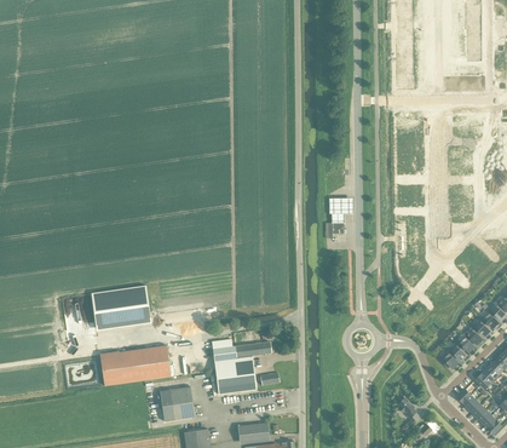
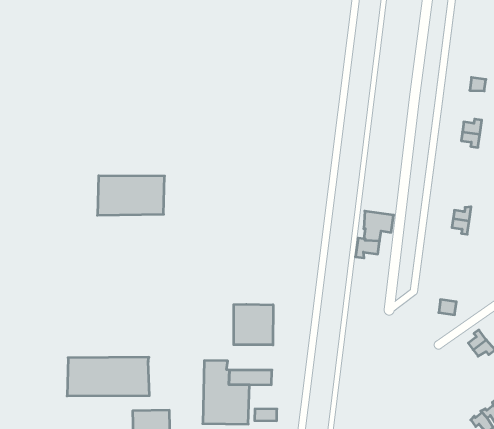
building: [92,287,150,327] -> [97,176,165,215]
building: none -> [234,304,273,345]

